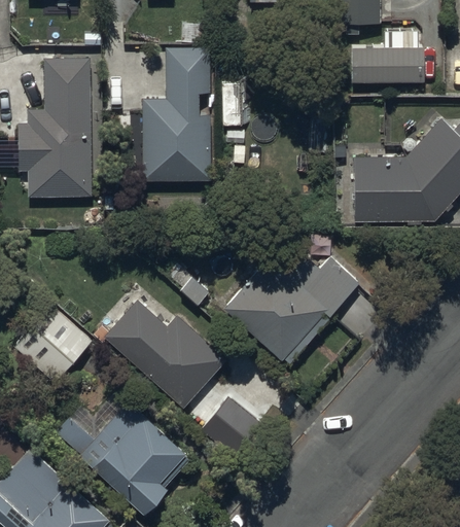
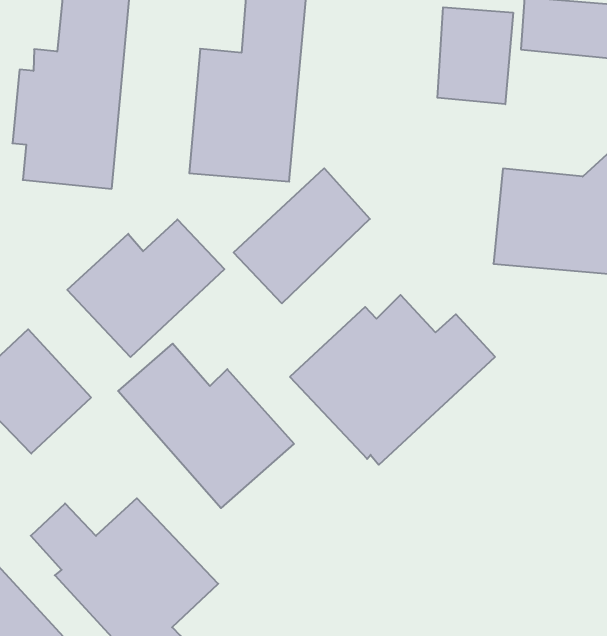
building: none -> [437,7,513,104]
building: none -> [234,168,370,303]
building: none -> [67,219,224,357]
building: [205,392,262,450] -> none

